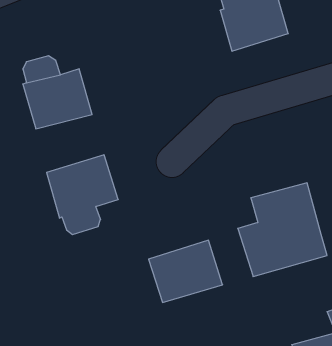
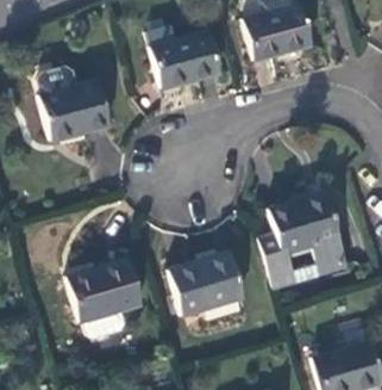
building: none -> [148,24,217,86]
building: [47,155,118,235] -> [68,256,140,338]

